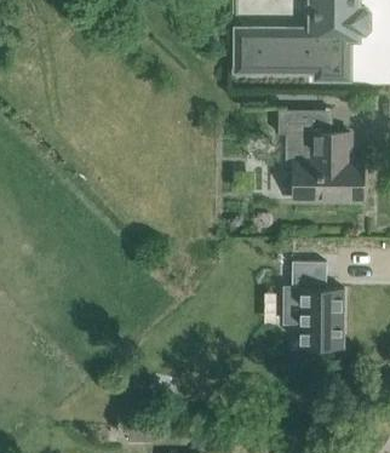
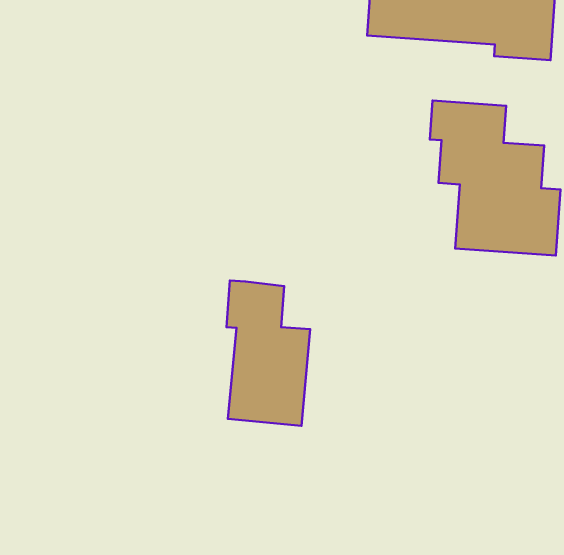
building: [292,264,344,351] -> [227,281,310,426]

